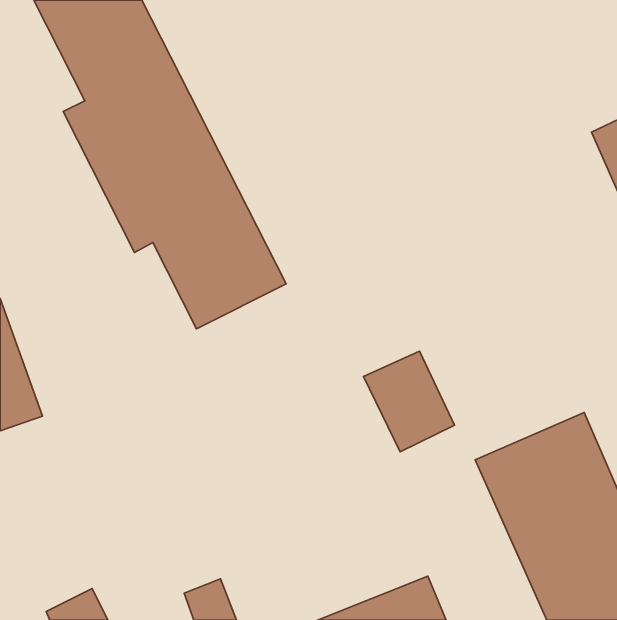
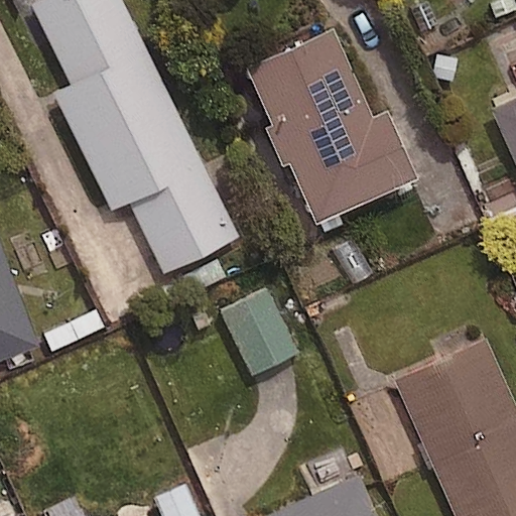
building: none -> [244,30,413,225]
building: [364,351,455,452] -> [223,290,298,374]

